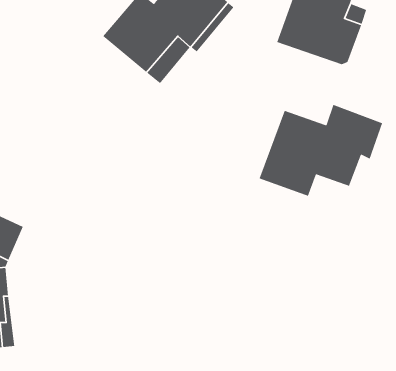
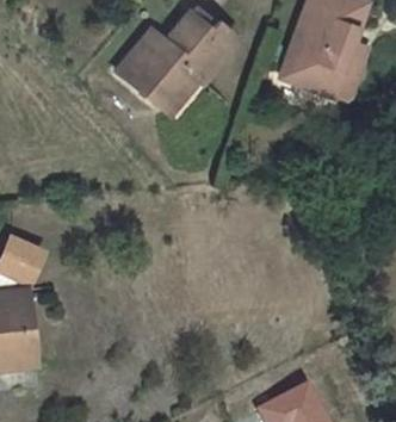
building: [259,104,383,197] -> none

